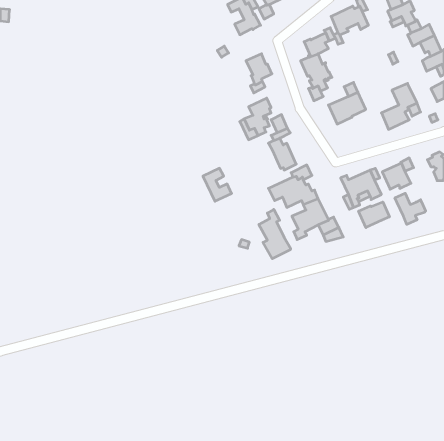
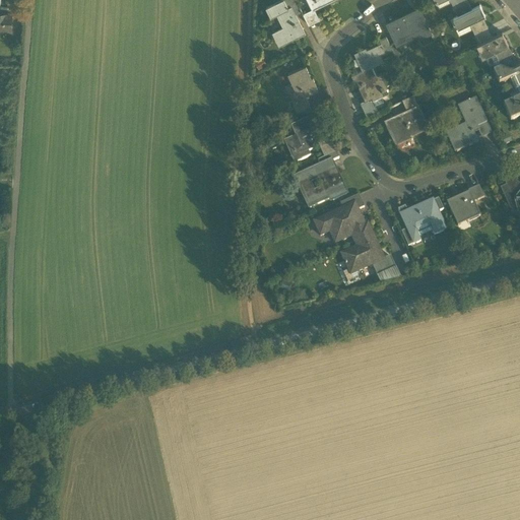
building: [203,168,232,201] -> [295,168,328,206]
building: [395,193,426,224] -> none
building: [359,202,389,228] -> none
building: [259,209,291,259] -> none

